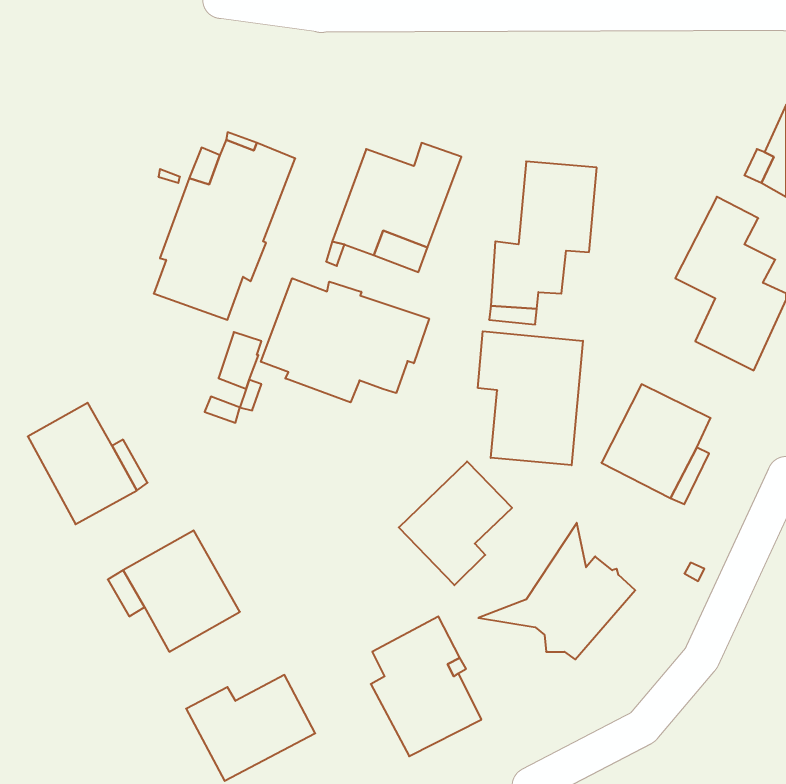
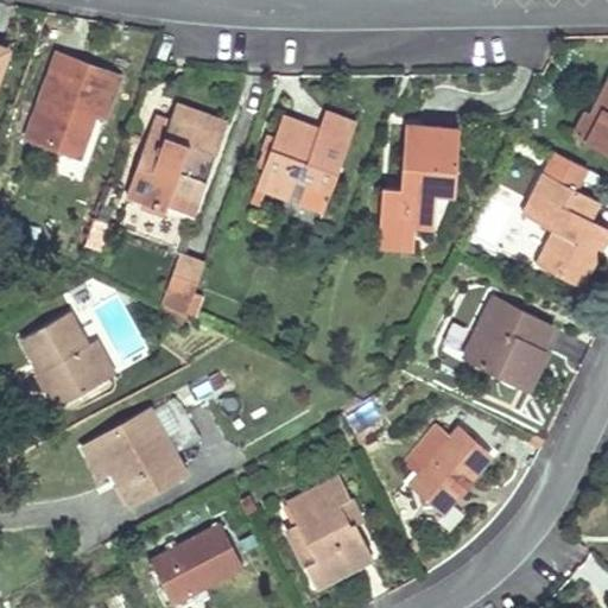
building: none -> [27,55,119,158]
building: [261,278,429,402] -> none
building: [478,331,583,465] -> none
building: [399,461,512,585] -> none

